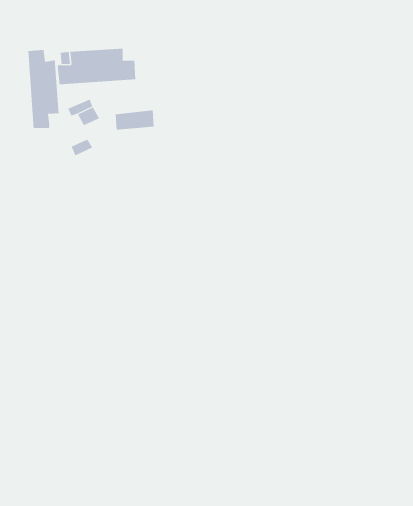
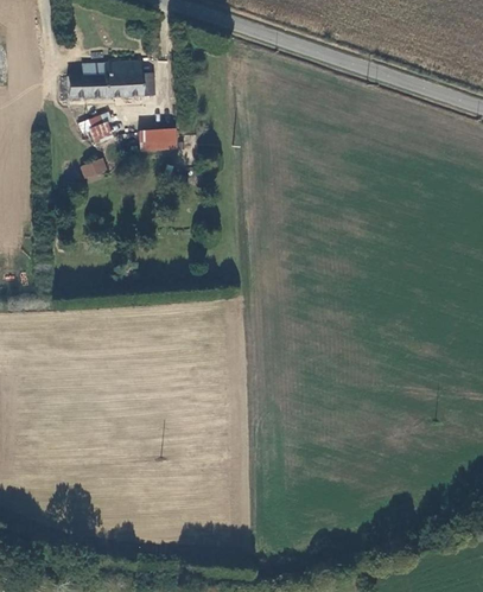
building: [28,49,59,129] -> none

